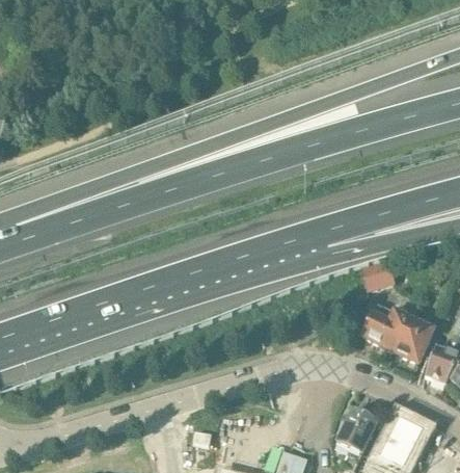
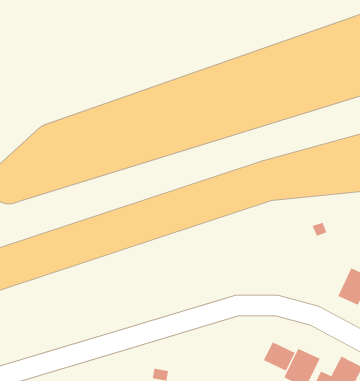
building: [361,304,409,351] -> none
building: none -> [263,341,296,371]

